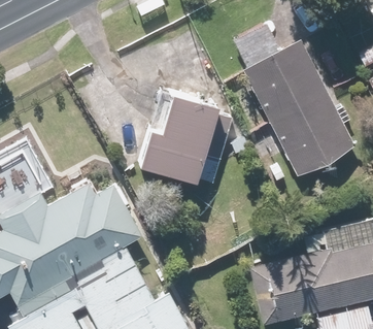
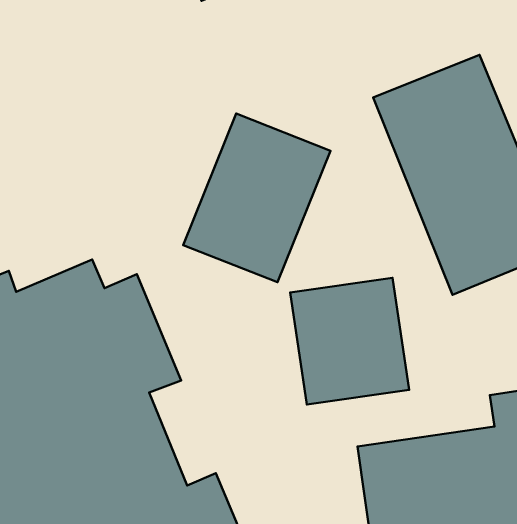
building: none -> [290,278,409,404]

